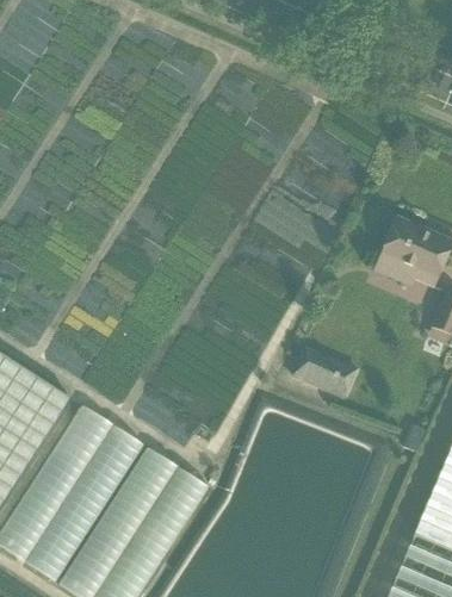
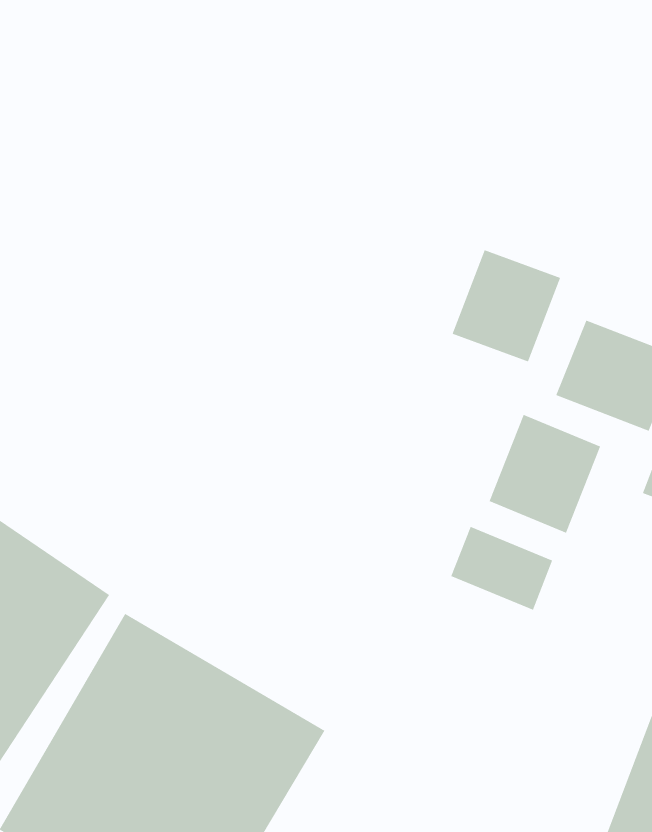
building: none -> [451,249,561,362]
building: none -> [488,414,601,534]

